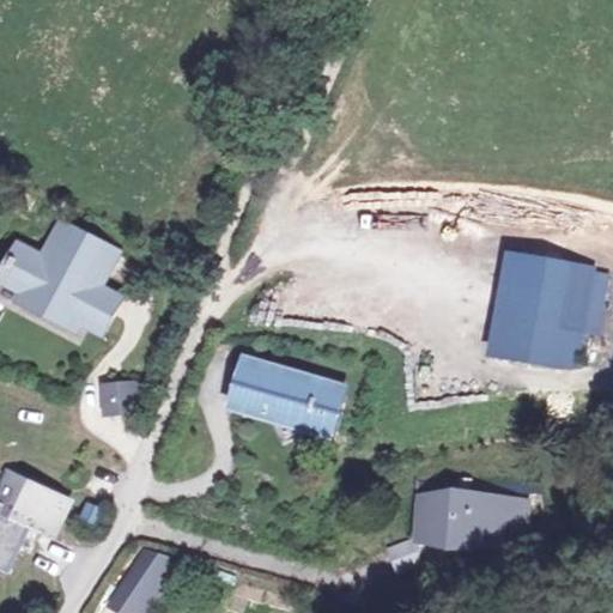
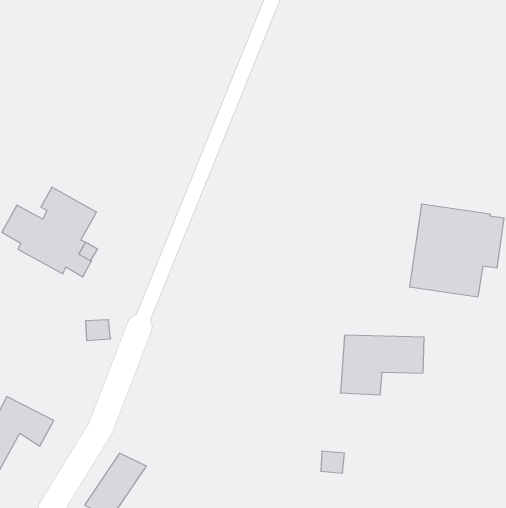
building: [235,365,339,427] -> none
building: [421,491,522,563] -> [340,335,424,395]

